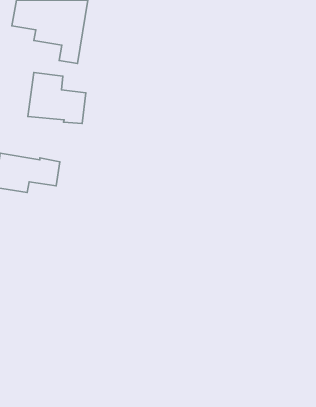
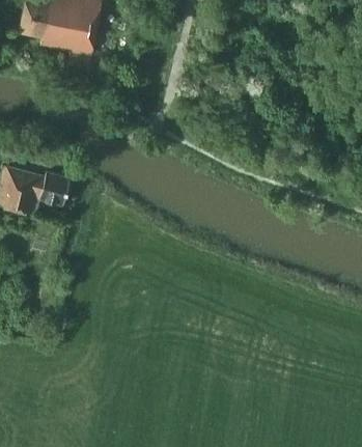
building: [28,73,86,124] -> none

